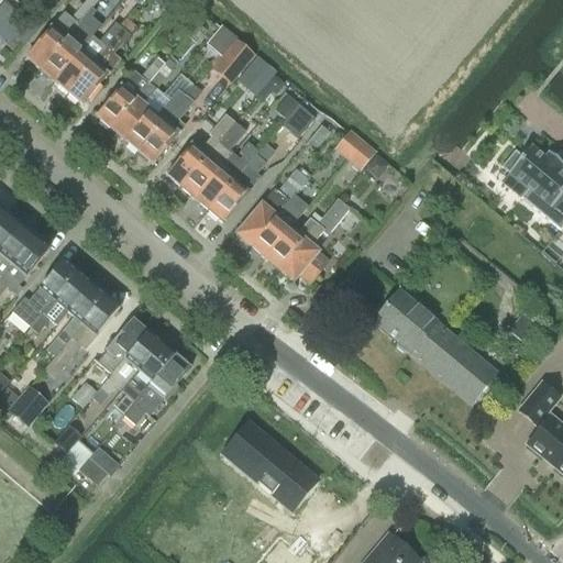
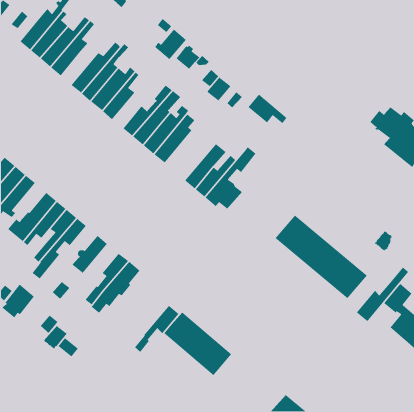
building: [238,168,307,244] -> none
building: [100,330,162,395] -> [134,305,179,353]
building: none -> [356,267,409,322]

